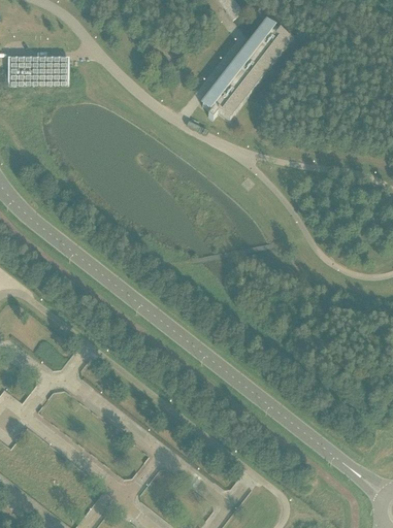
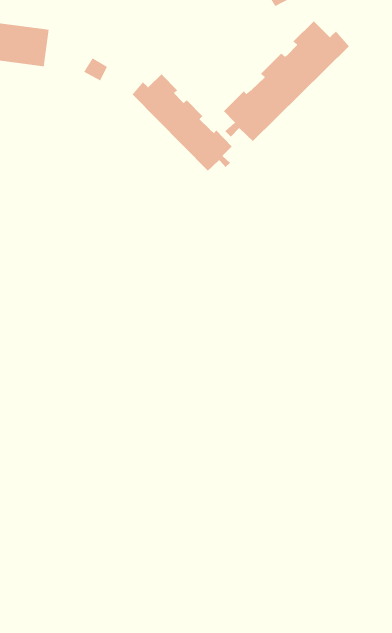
building: none -> [132,73,233,171]

